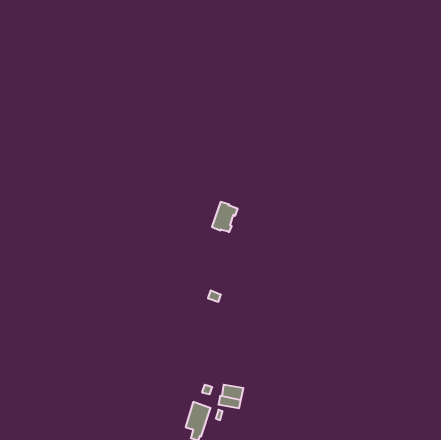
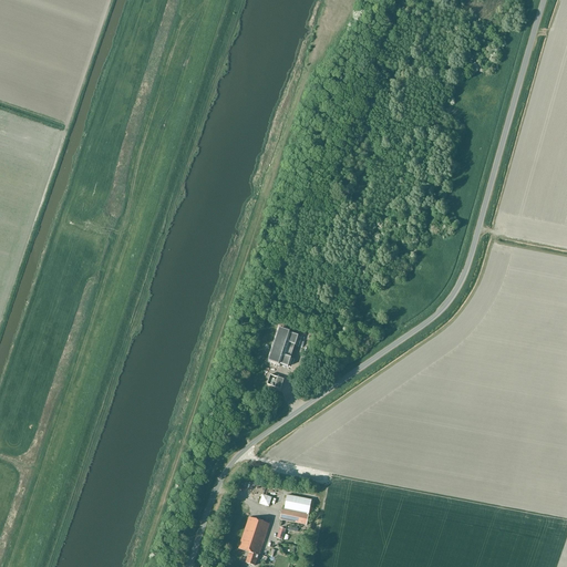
building: [212,202,238,232] -> [268,327,301,365]

